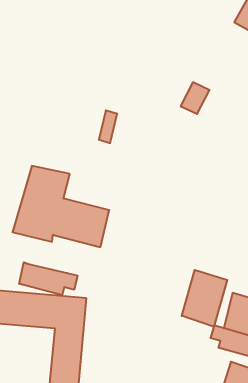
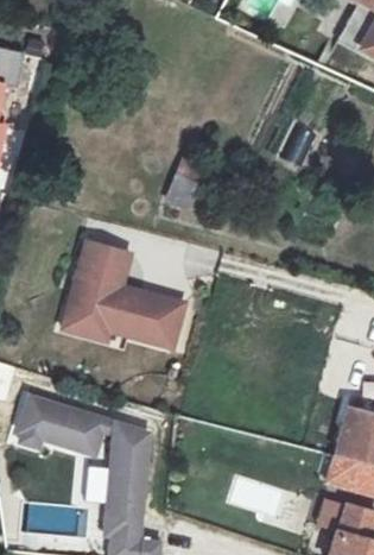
building: [19,262,78,295] -> none
building: [182,270,227,327] -> none

